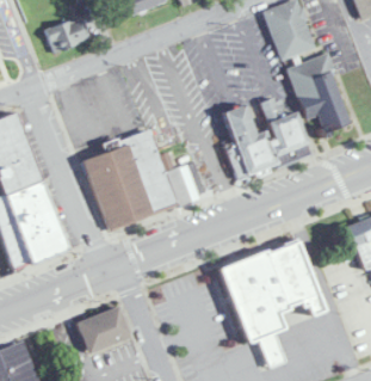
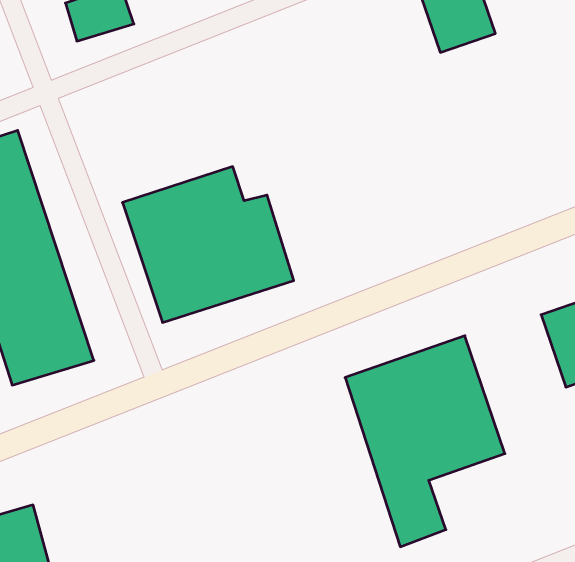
building: [286,53,351,131] -> none
building: [223,96,310,174] -> none
building: [75,305,130,354] -> none

